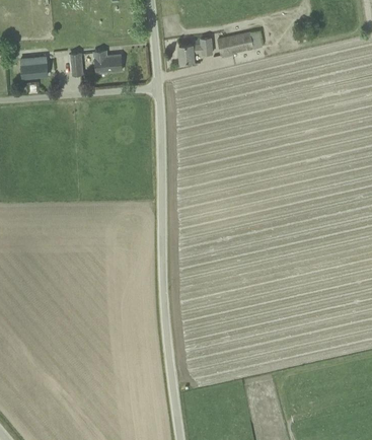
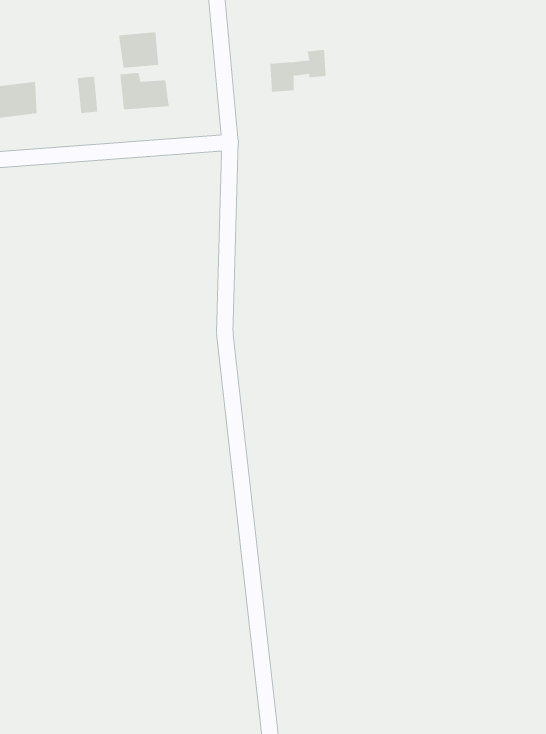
building: none -> [119,31,159,68]
building: [218,32,253,55] -> none

